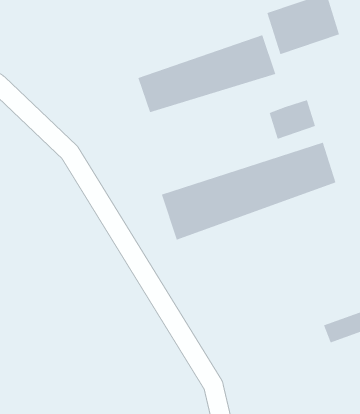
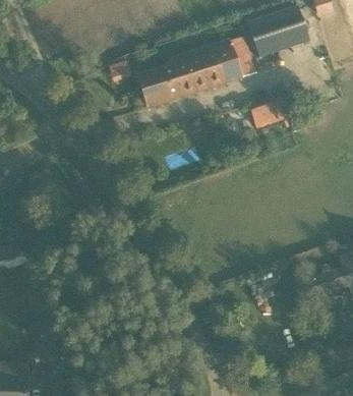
building: [161,142,336,240] -> none

